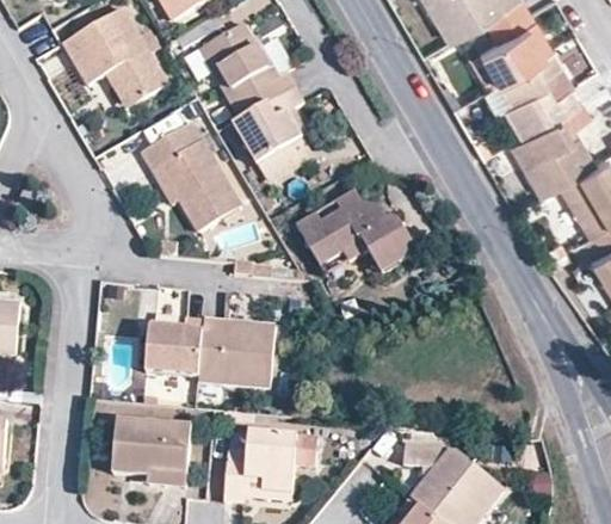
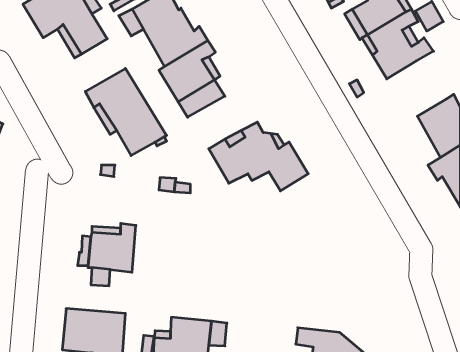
building: [505,111,591,191] -> none
building: [198,316,276,387] -> none

